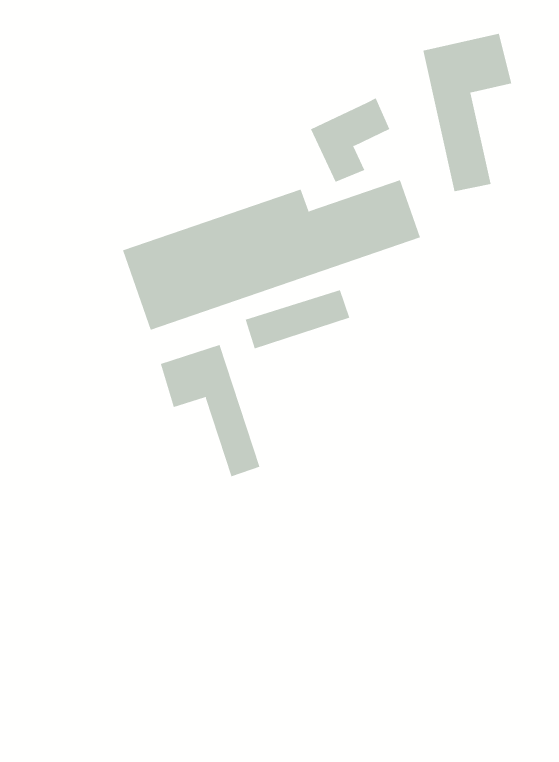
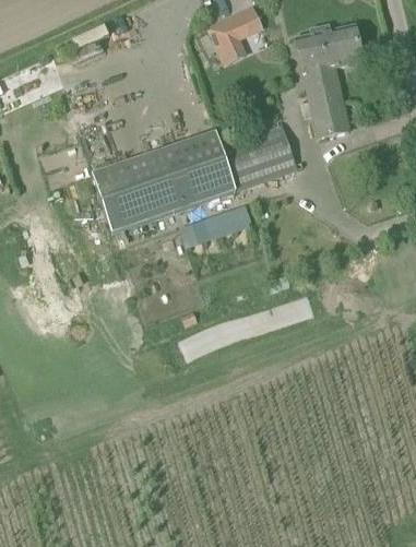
building: [310,98,390,183] -> [204,7,260,66]
building: [160,344,260,477] -> none

